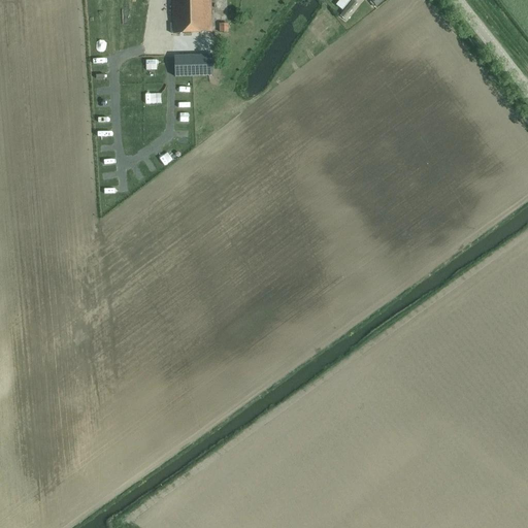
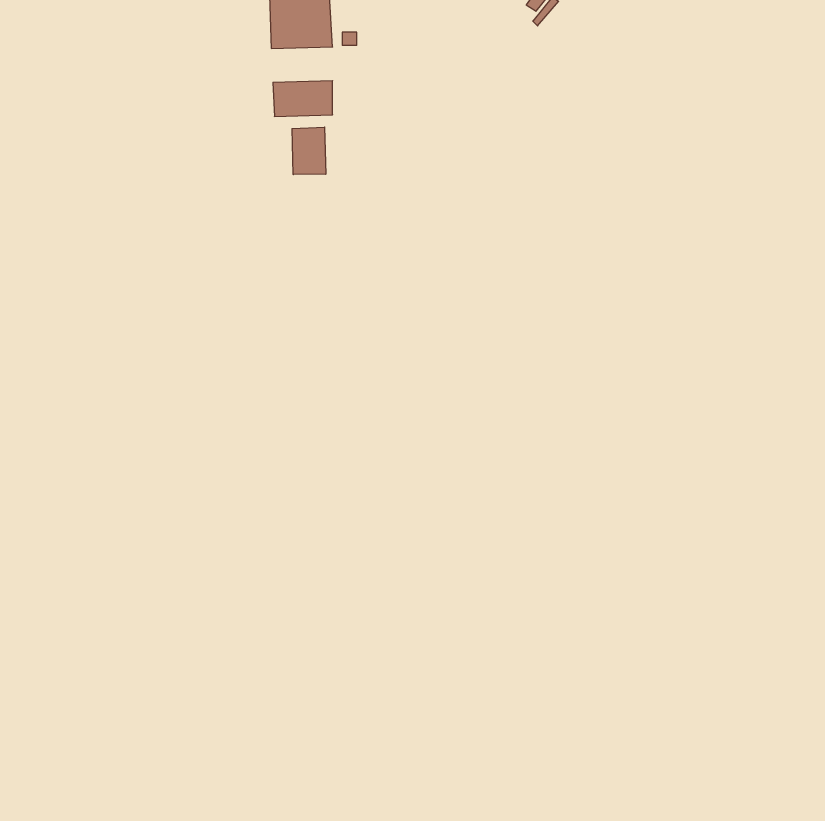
building: none -> [292,127,326,175]

